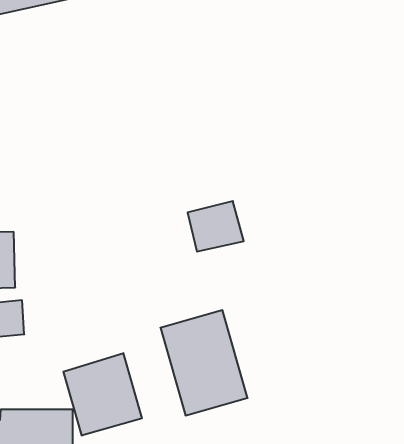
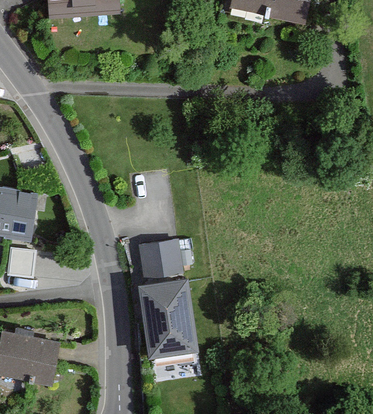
building: [188,201,244,252] -> [140,242,181,278]
building: [63,353,142,436] -> none

